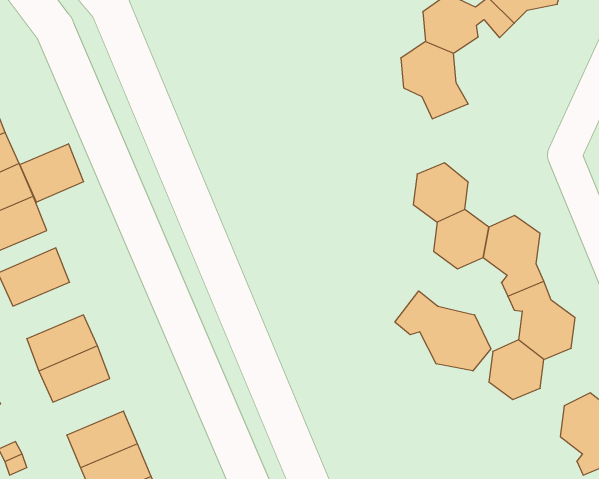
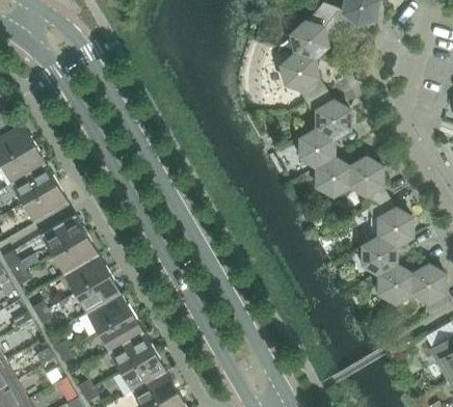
building: none -> [304,89,349,139]
building: [20,144,83,202] -> none
building: none -> [52,235,98,274]
building: [395,291,491,371] -> none
building: none -> [85,293,131,332]
building: none -> [378,265,411,303]

